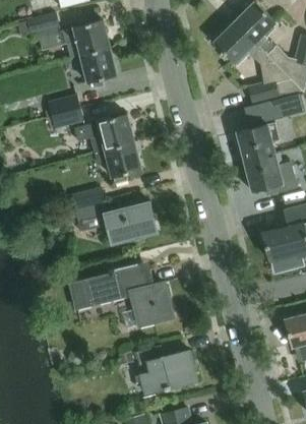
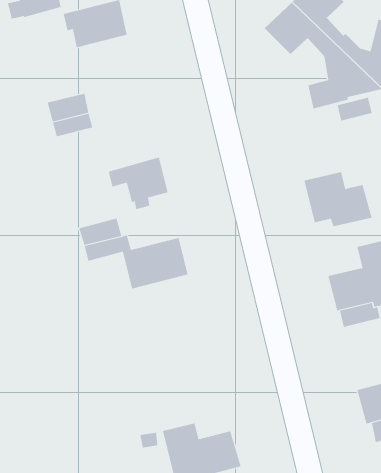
building: [80,48,116,88] -> none
building: [74,115,133,153] -> none
building: [237,124,280,160] -> none
building: [70,267,174,326] -> none

